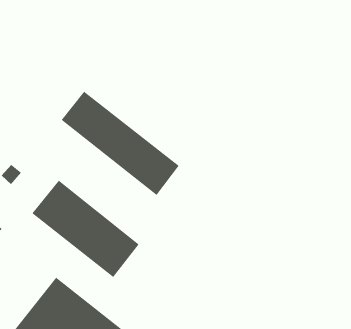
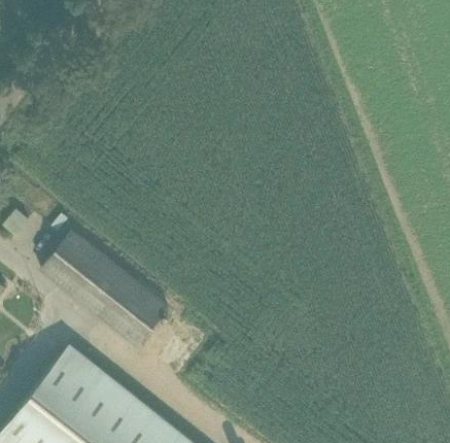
building: [61,91,179,196] -> none

